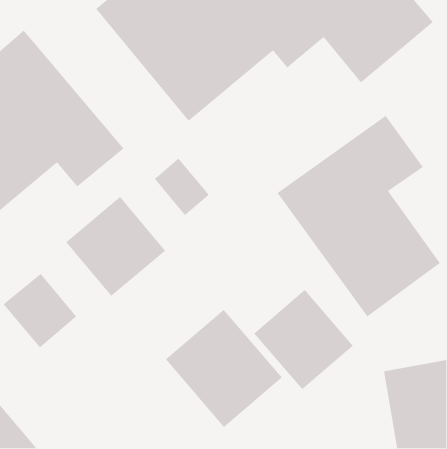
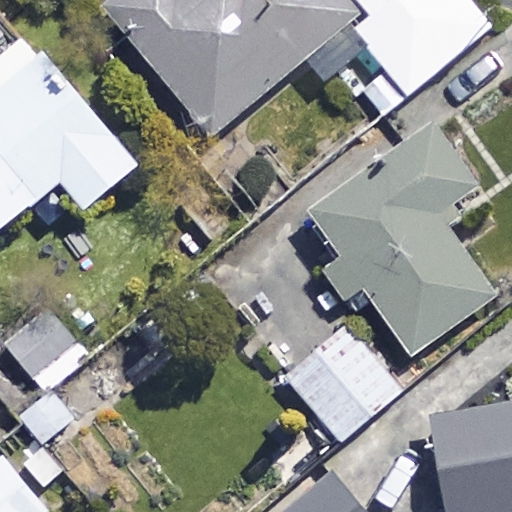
building: [65,196,166,297] -> none
building: [165,309,283,428] -> none

